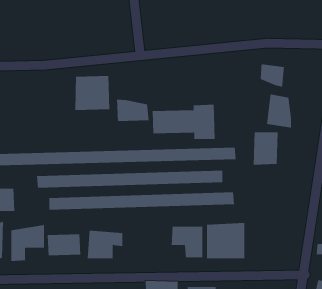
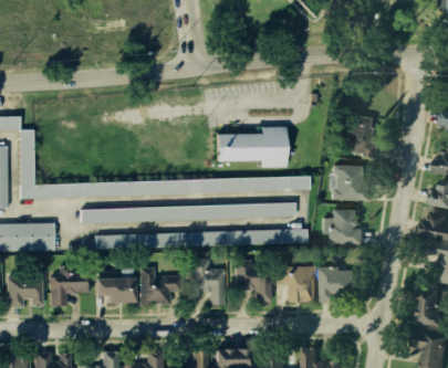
building: [260,64,285,88] -> none
building: [75,75,110,111] -> none
building: [116,99,149,122] -> none
building: none -> [327,211,367,246]
building: none -> [325,261,354,296]
building: none -> [190,267,228,308]

